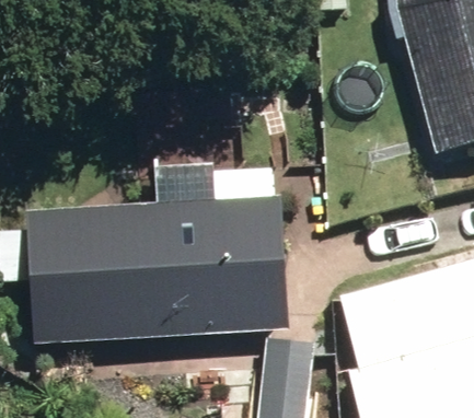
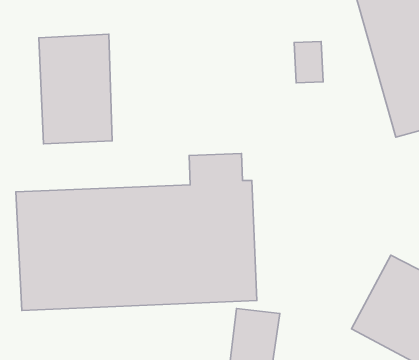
building: none -> [39,34,112,144]

